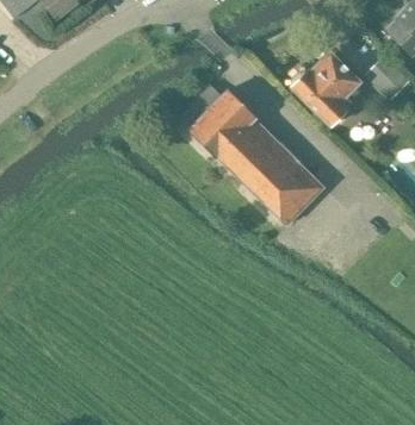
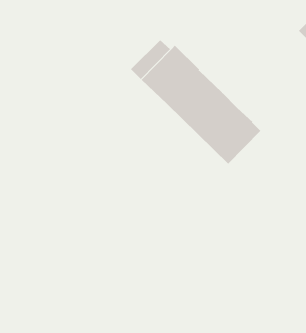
building: [291,51,361,126] -> none

